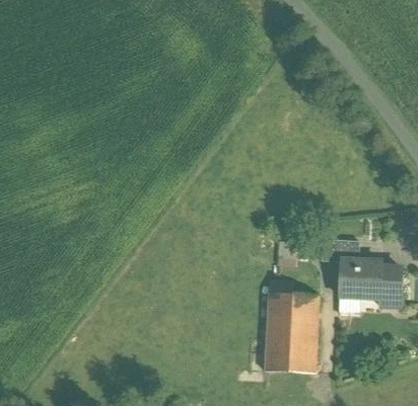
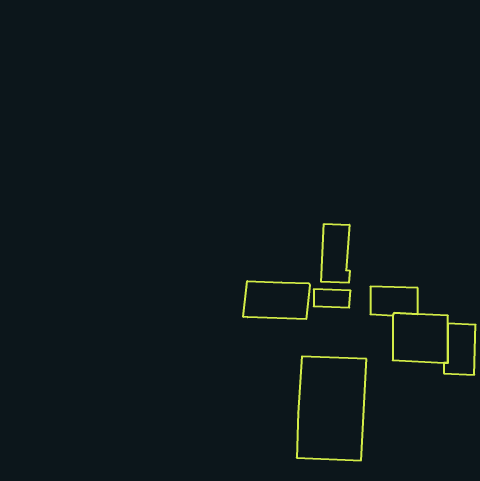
building: none -> [321,224,350,283]
building: none -> [243,281,310,319]

